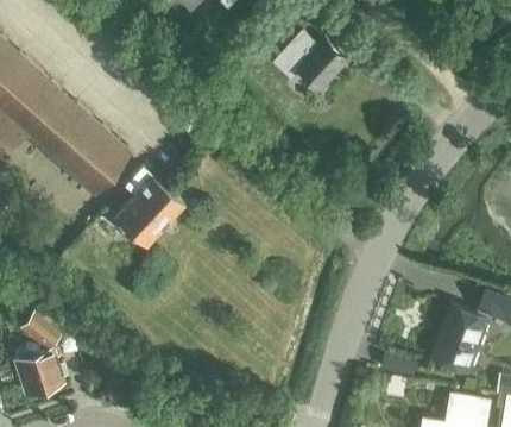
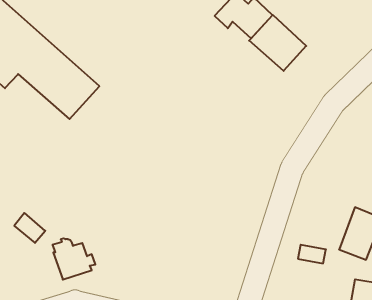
building: none -> [249,15,306,71]
building: [115,168,184,247] -> none
building: [13,344,68,396] -> [52,238,95,280]

